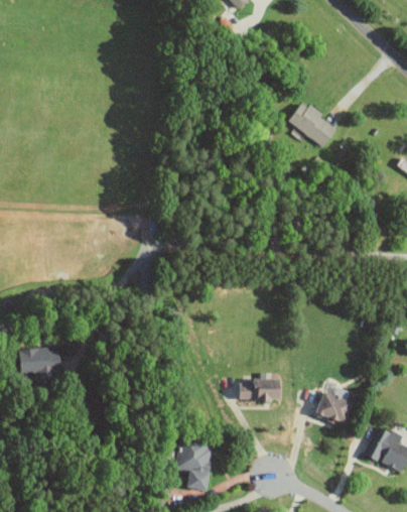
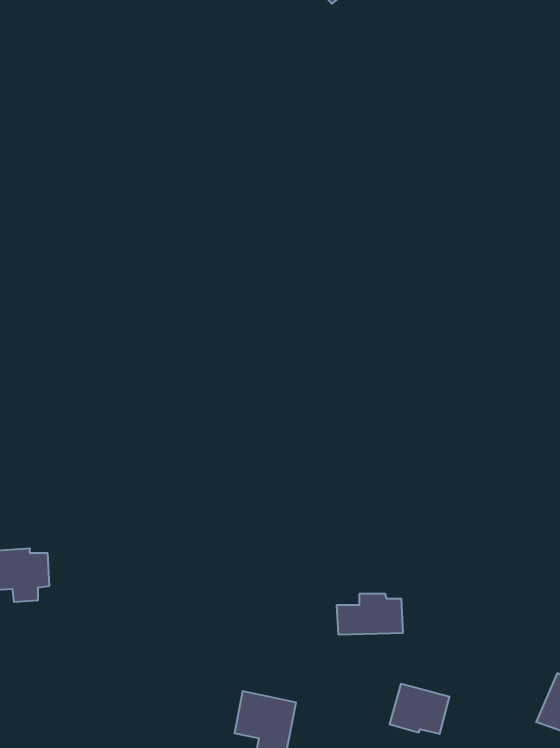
building: [287,101,335,146] -> none
building: [315,392,353,423] -> [389,684,450,734]

